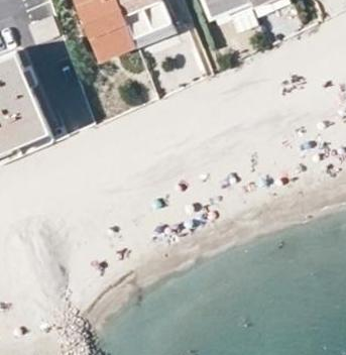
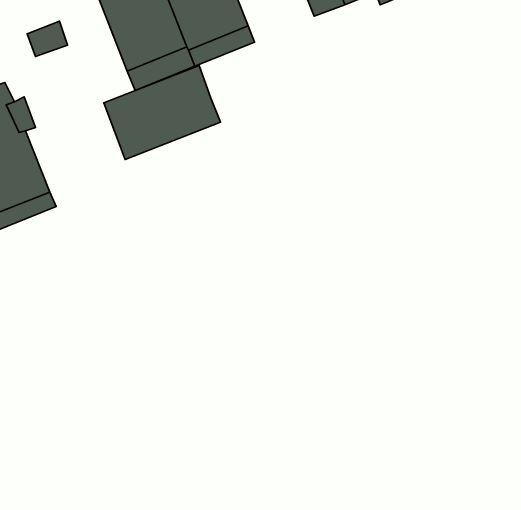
building: none -> [104,65,221,159]

